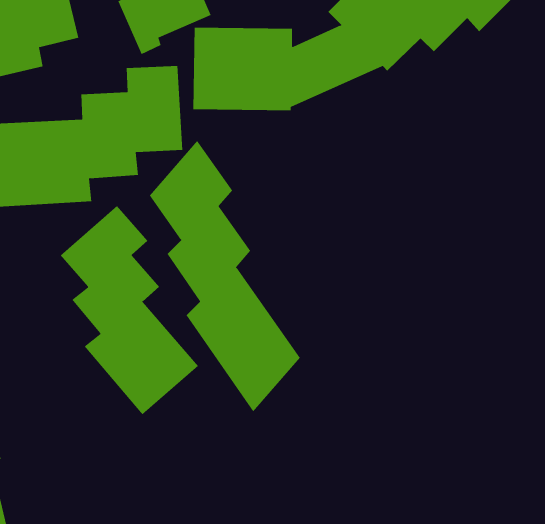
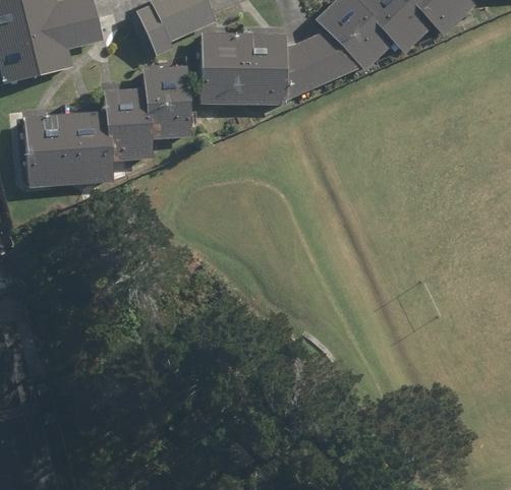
building: [149,140,301,412] -> none
building: [60,205,199,415] -> none

